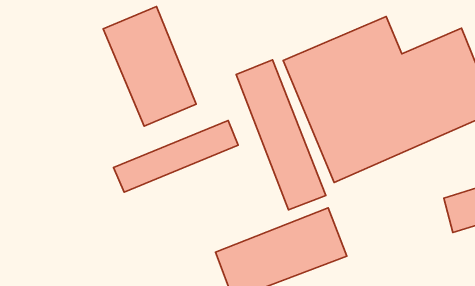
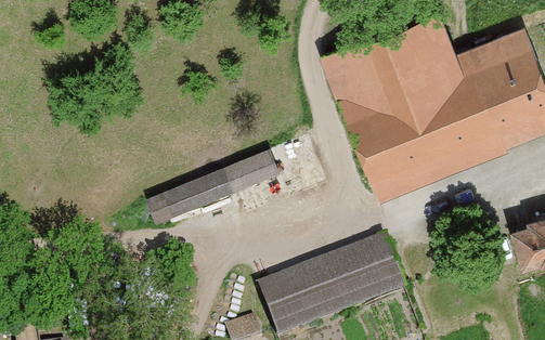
building: [103,7,196,126] -> none
building: [236,60,326,210] -> none

